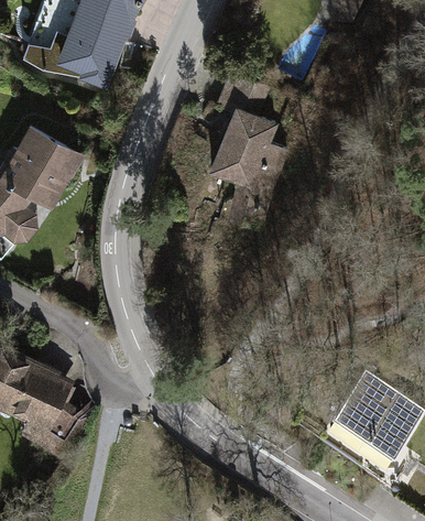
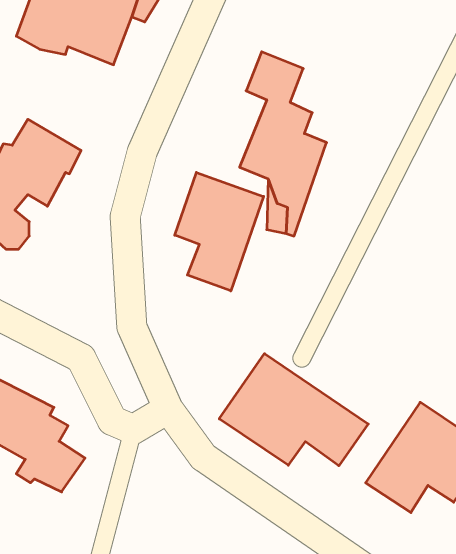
building: none -> [175,172,264,291]
building: none -> [219,354,368,466]

